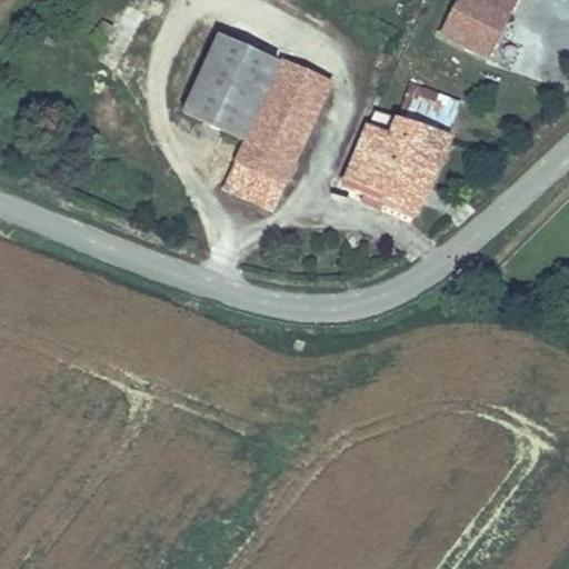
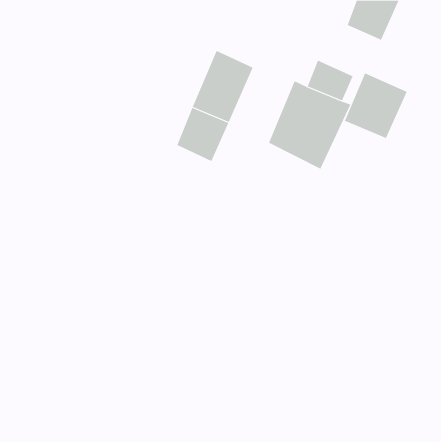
building: [182,36,279,138] -> none
building: none -> [344,72,407,139]

